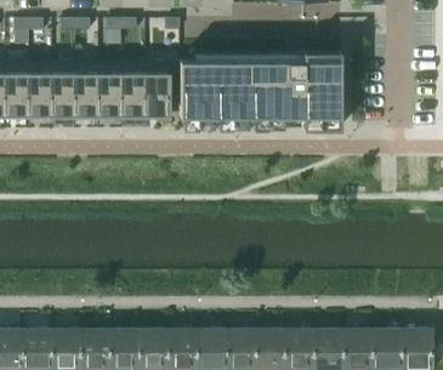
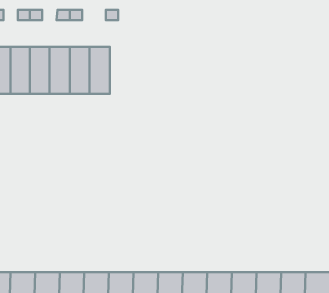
building: [180,52,340,130] -> none

